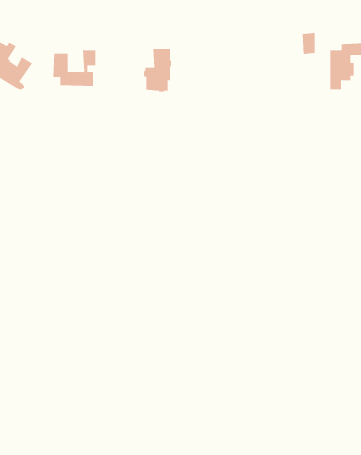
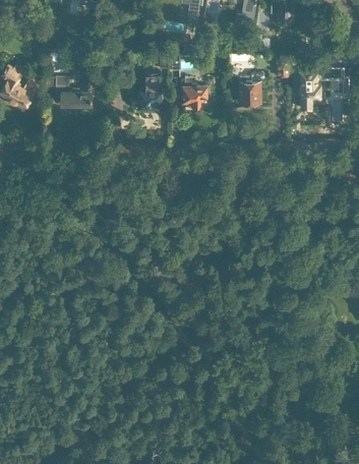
building: none -> [240,73,264,104]
building: none -> [182,78,207,111]

